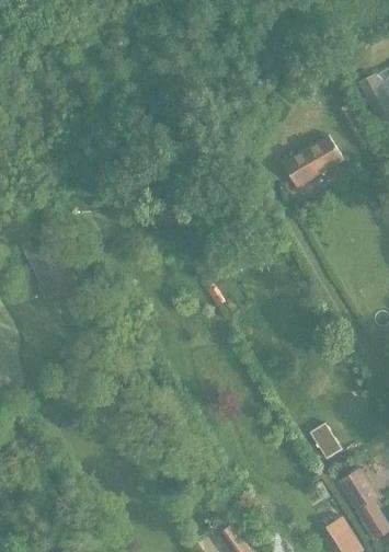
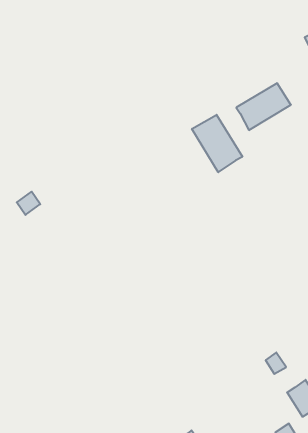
building: none -> [192,115,242,172]

